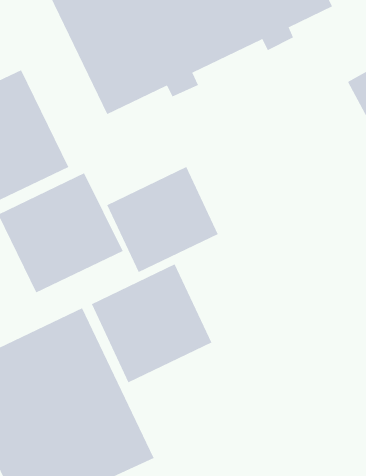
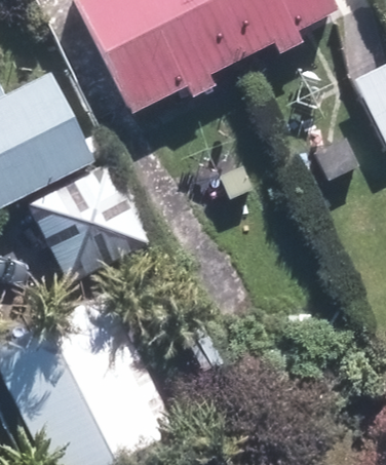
building: [106,166,218,273] -> none
building: [91,263,212,383] -> none

